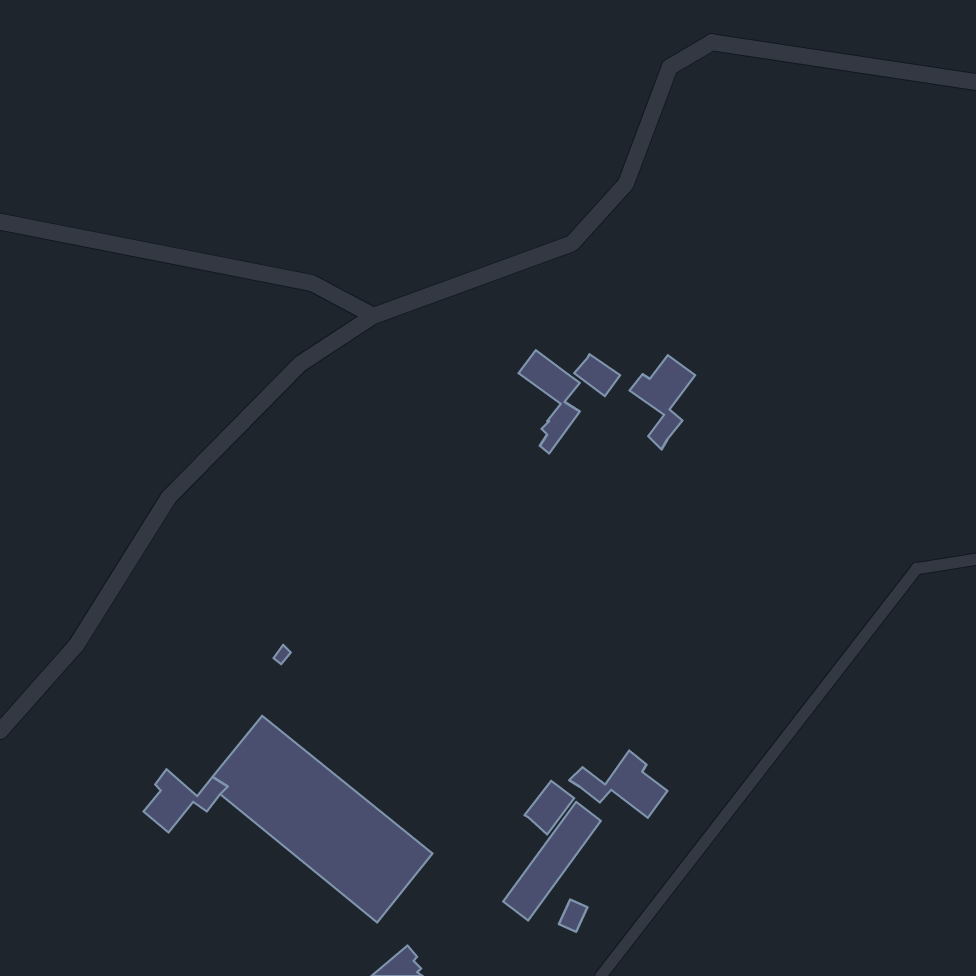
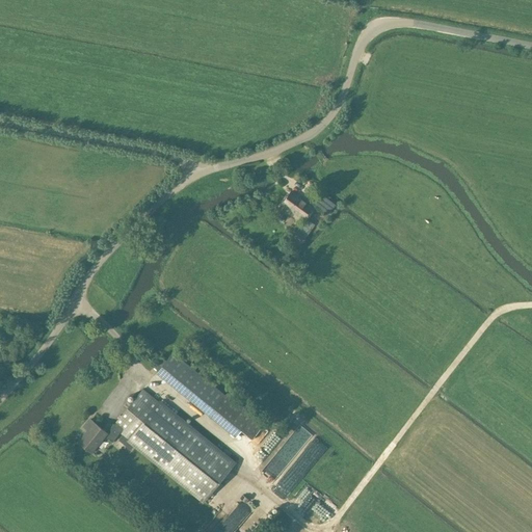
building: [629,355,695,449] -> none
building: none -> [157,351,265,438]
building: [569,751,667,818] -> none

